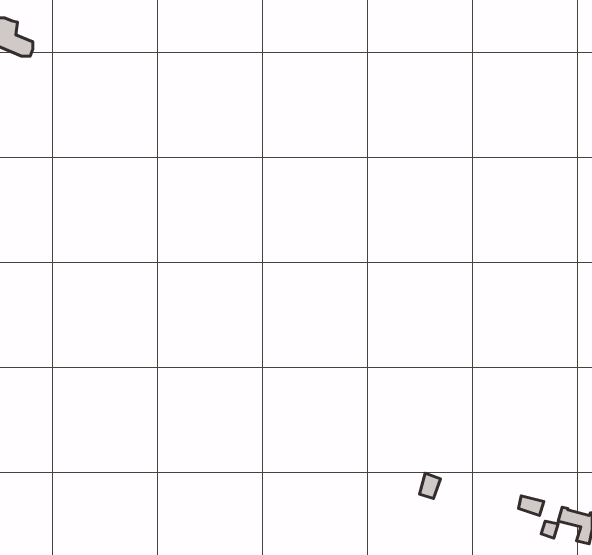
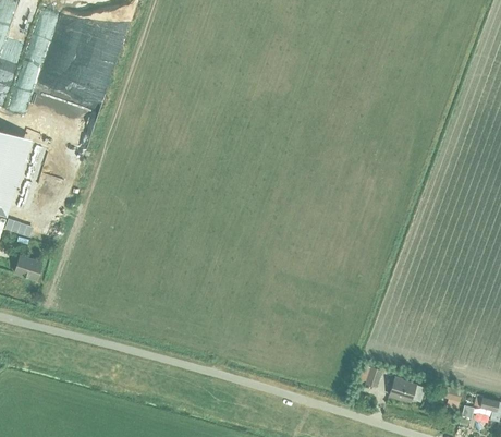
building: none -> [390,378,425,401]

